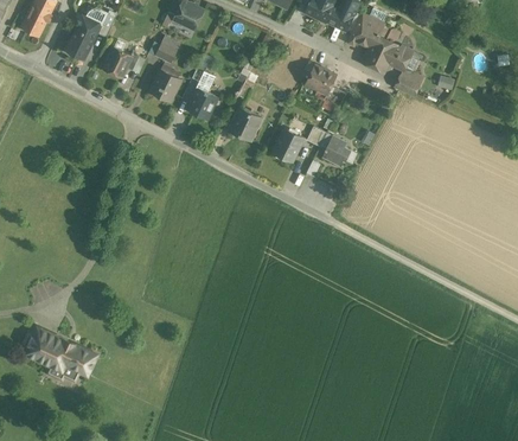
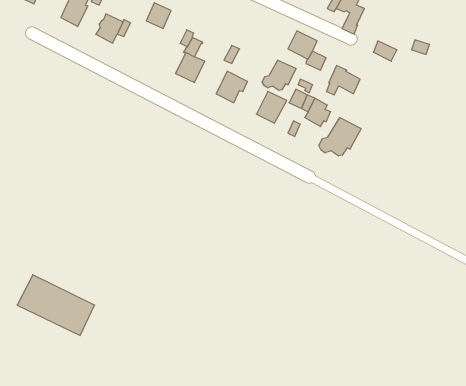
building: [375,40,410,71] -> [326,66,360,95]
building: [149,69,180,102] -> none
building: none -> [262,60,296,90]
building: none -> [319,118,361,156]

